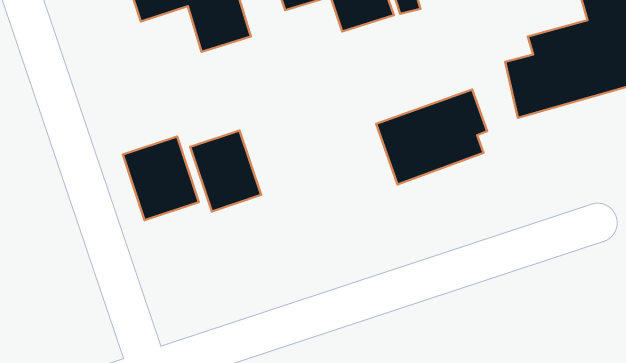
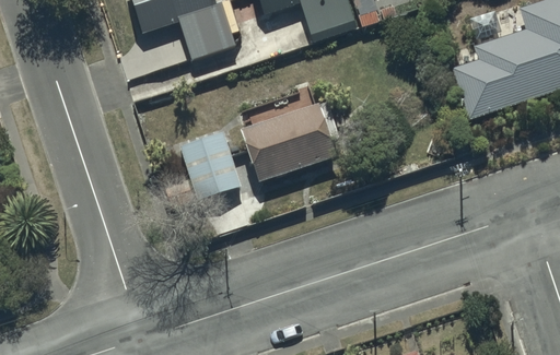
building: [376,90,487,184] -> [234,107,330,189]
building: [123,136,199,220] -> none

